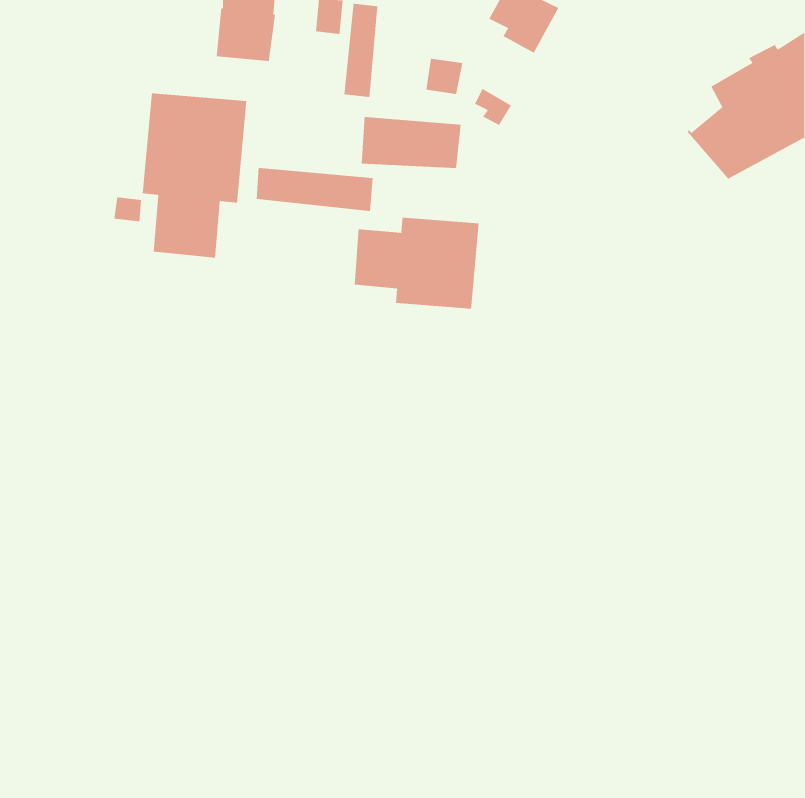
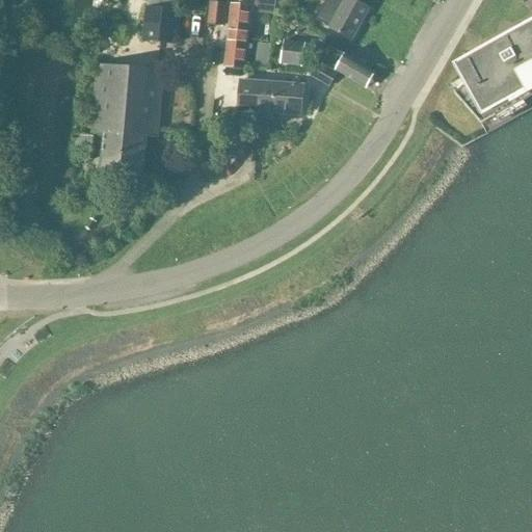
building: none -> [325,45,376,84]
building: [256,167,373,212] -> none
building: [354,217,479,309] -> none

